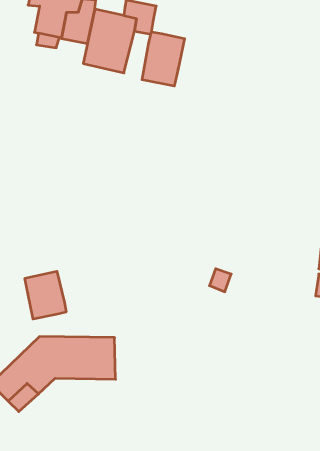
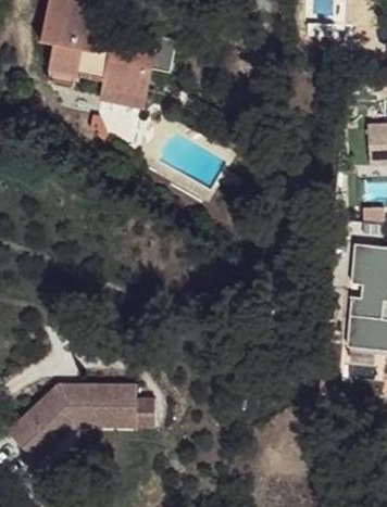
building: [142,32,185,86] -> none
building: [25,271,66,319] -> none

